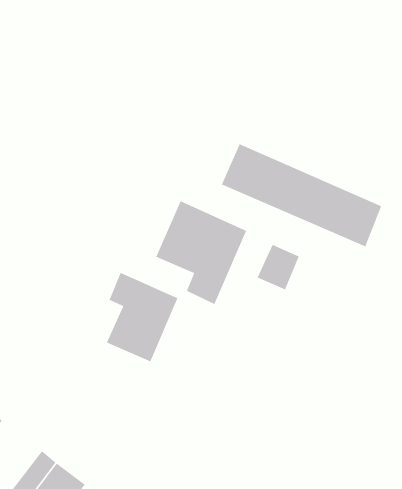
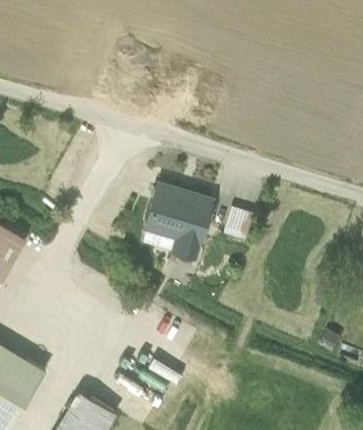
building: [221,143,382,248] -> none
building: [106,272,178,362] -> none

